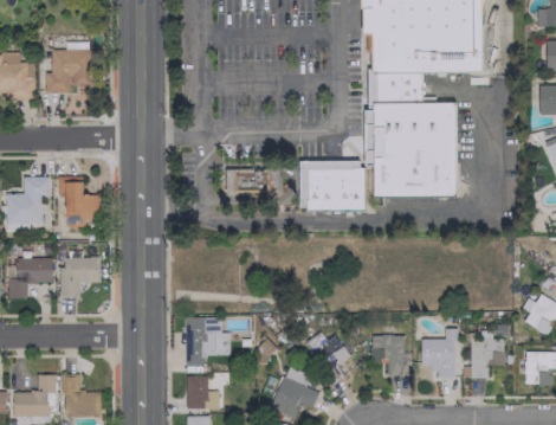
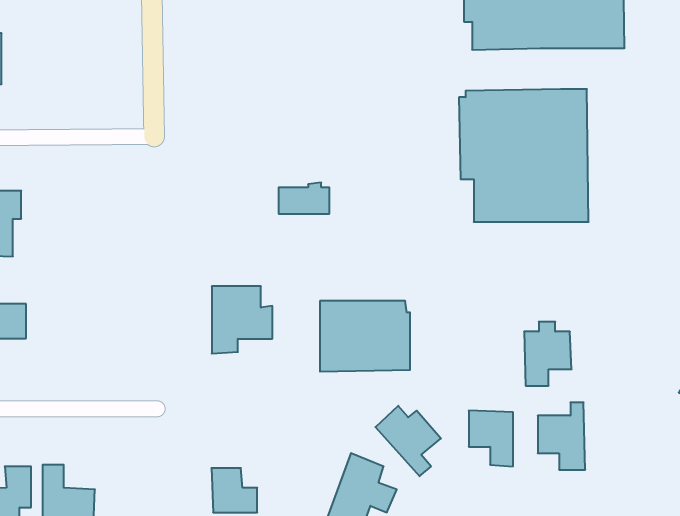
building: [45,50,90,91] -> none
building: [369,73,438,104] -> none
building: [300,161,366,212] -> [320,301,410,372]
building: [57,176,98,226] -> none
building: [60,257,101,297] -> none
building: [186,317,229,366] -> [212,286,272,354]
building: [470,331,504,378] -> [524,322,572,386]

